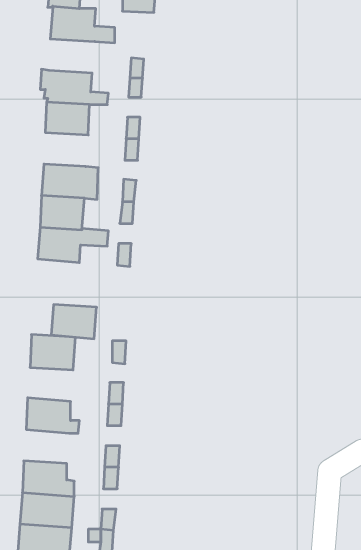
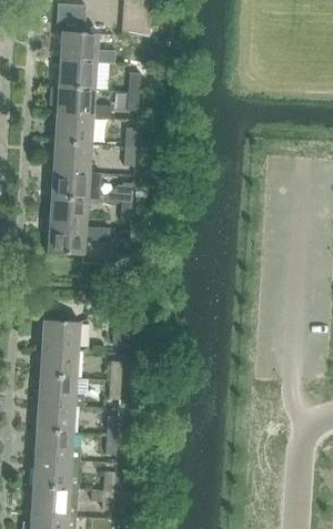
building: none -> [58,59,98,89]
building: none -> [53,141,92,171]
building: [51,305,97,339] -> [39,347,79,377]
building: none -> [36,401,75,431]

